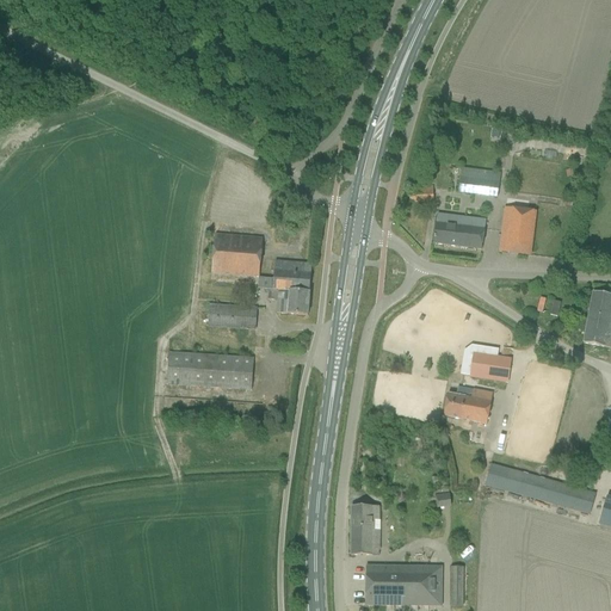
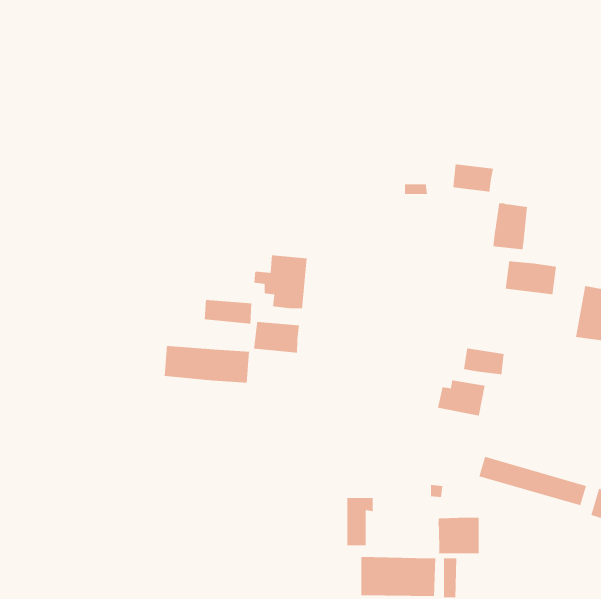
building: [433,212,486,247] -> [505,261,557,295]
building: [212,233,263,274] -> none
building: none -> [254,321,300,353]
building: none -> [438,517,479,554]

